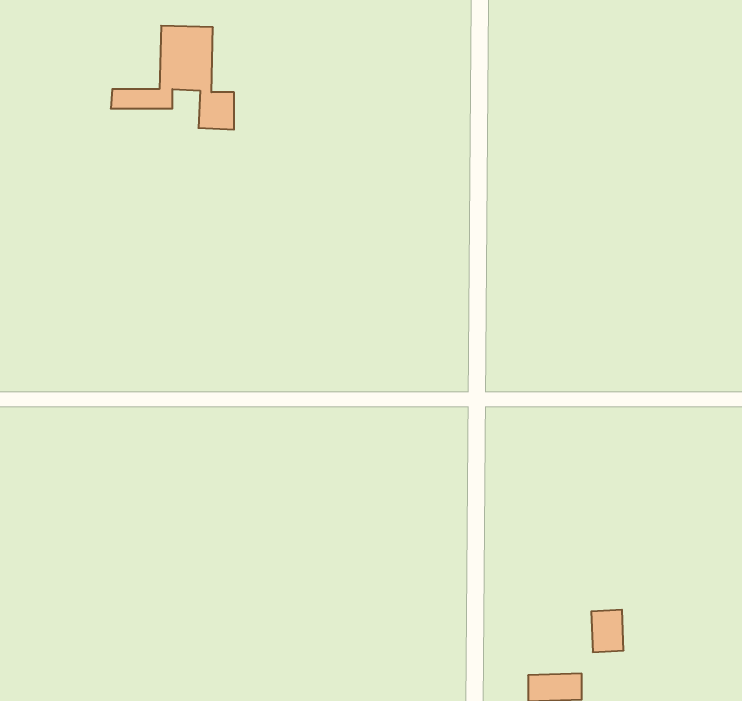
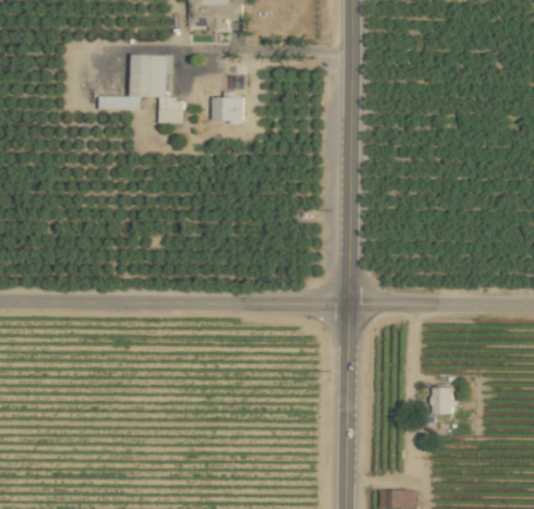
building: none -> [211,97,242,121]
building: [591,610,624,652] -> [429,387,451,415]

